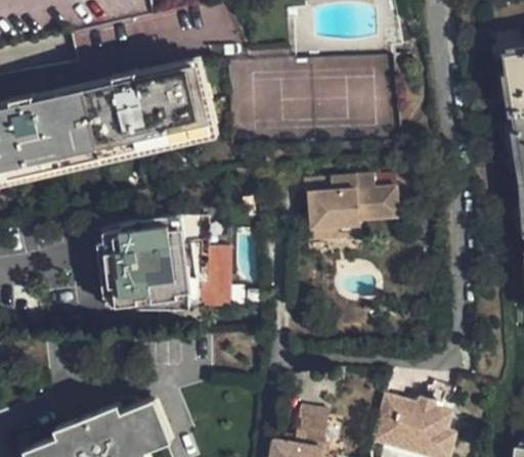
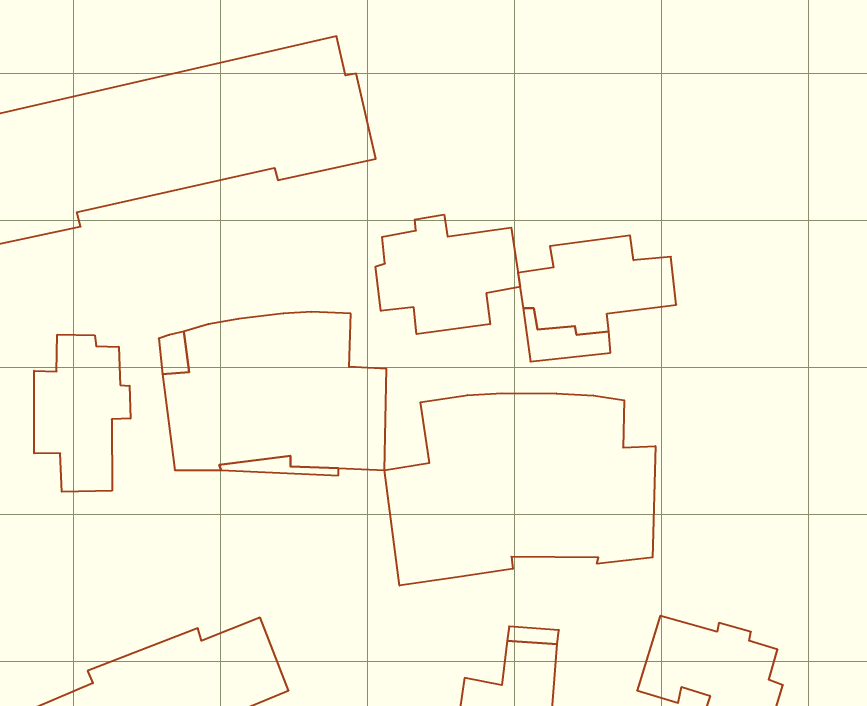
building: none -> [376,215,520,334]
building: none -> [34,335,130,492]
building: none -> [385,393,655,586]

